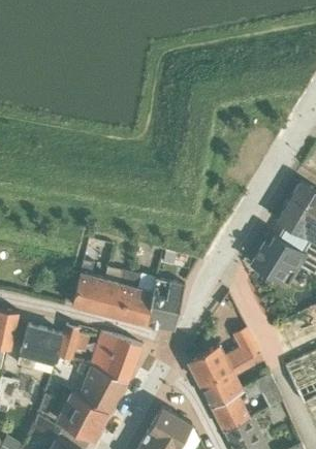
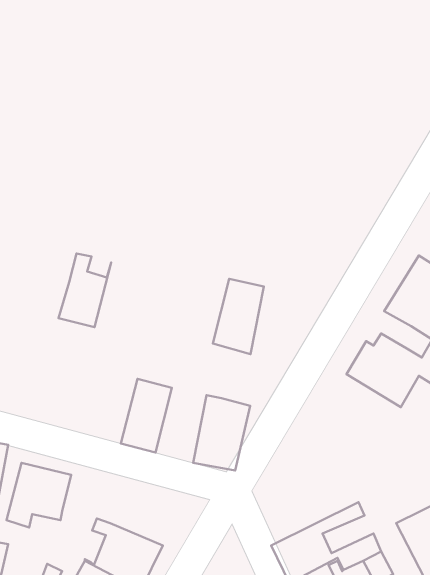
building: [71,261,107,312] -> [59,254,111,327]
building: [120,274,155,325] -> [213,279,264,354]
building: [56,326,81,362] -> none
building: [188,328,259,382] -> none
building: [89,333,141,383] -> none

